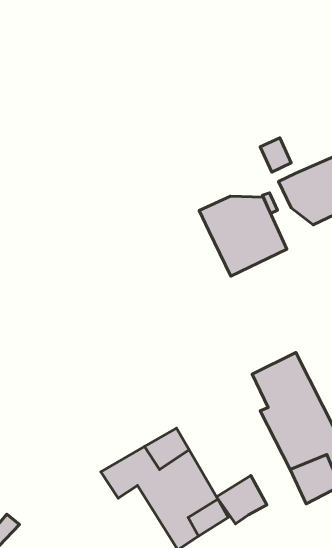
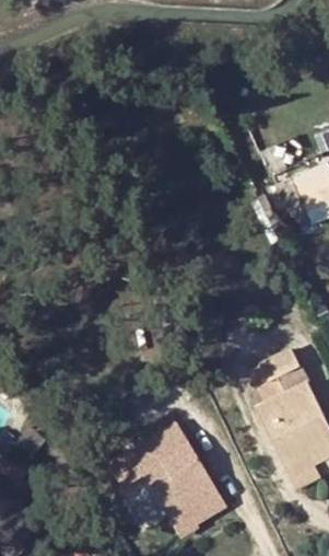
building: [199,196,287,276] -> none
building: [216,476,267,524] -> none

